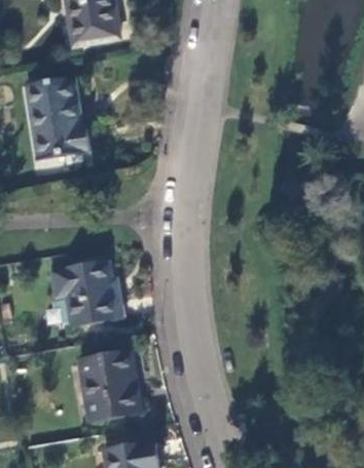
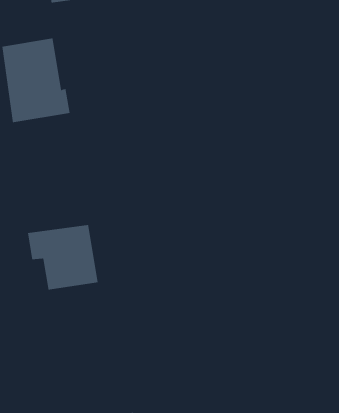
building: [78,350,141,419] -> none

